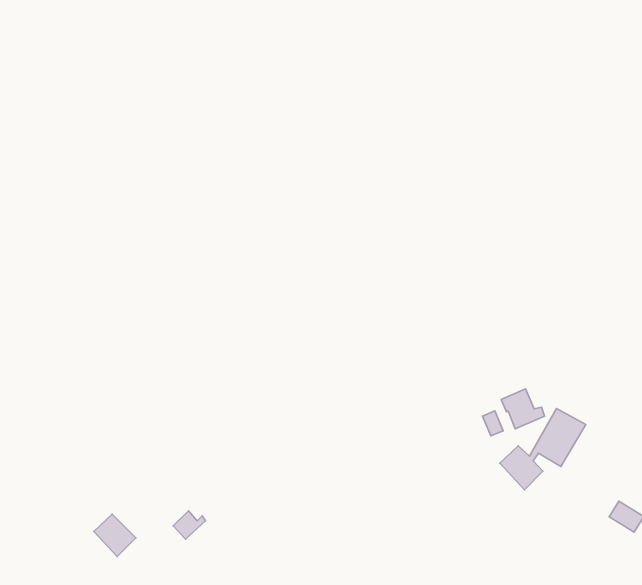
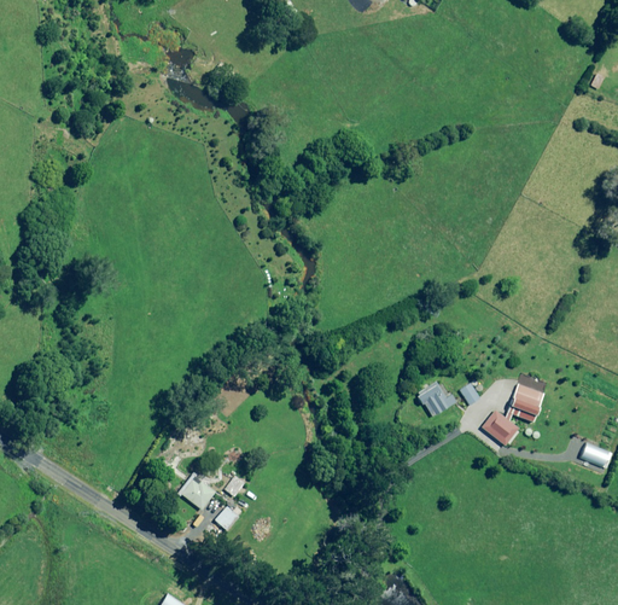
building: [501,389,544,429] -> [418,382,456,417]
building: [94,514,136,556] -> [179,475,215,510]

